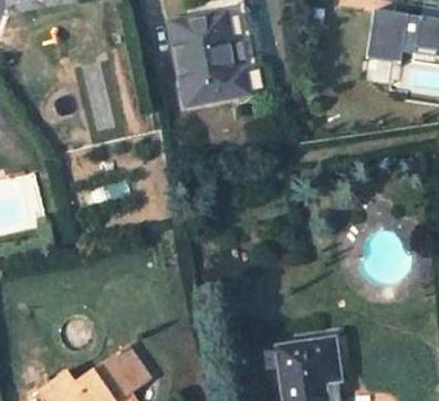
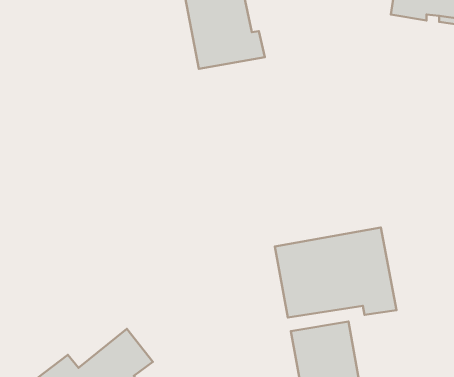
building: none -> [275,228,396,318]

